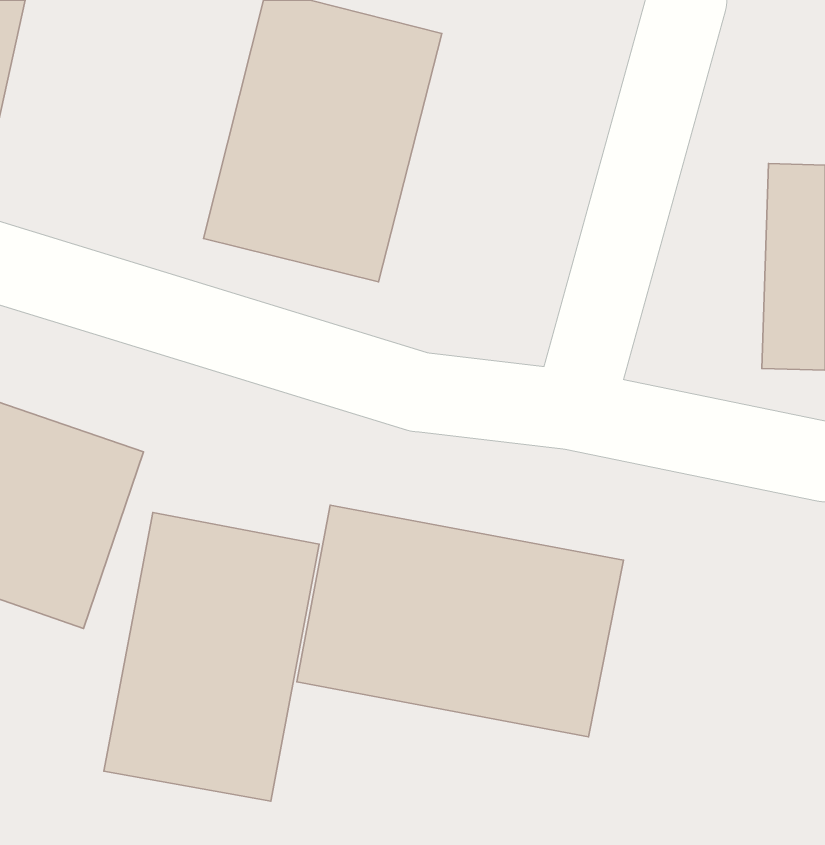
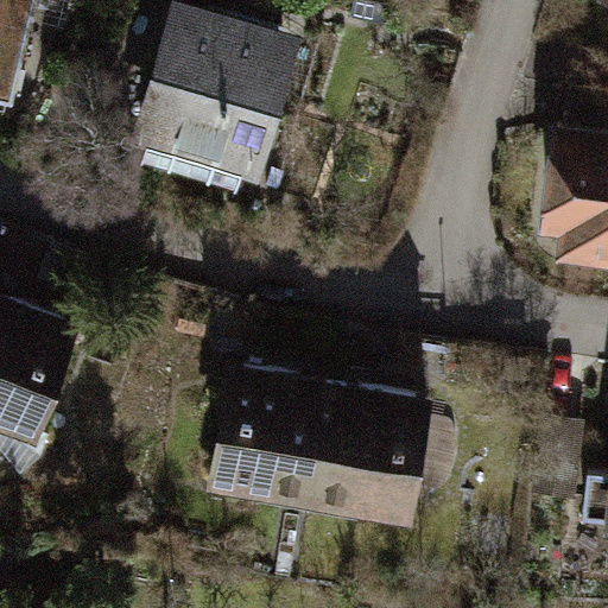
building: [104,513,319,801] -> none

